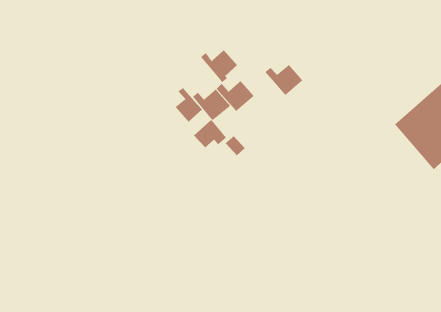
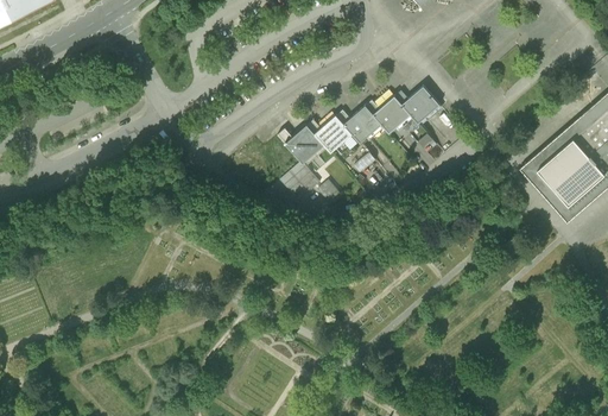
building: [200,49,238,83] -> [336,106,381,146]
building: none -> [394,86,439,127]
building: [175,87,203,123] -> none

